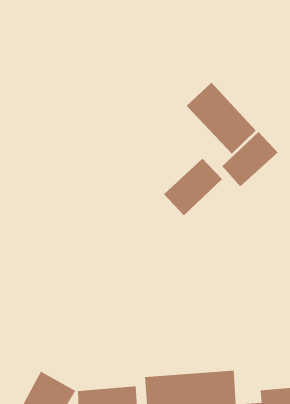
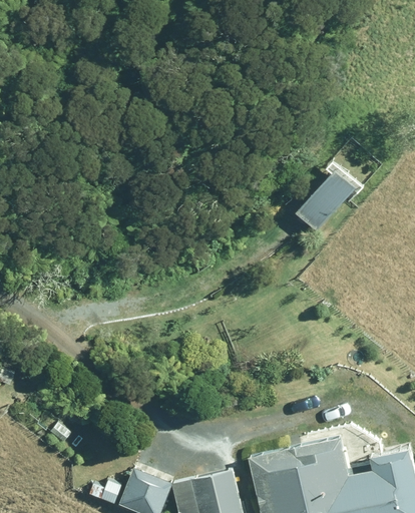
building: [186,82,257,155] -> none
building: [163,158,223,216] -> none

